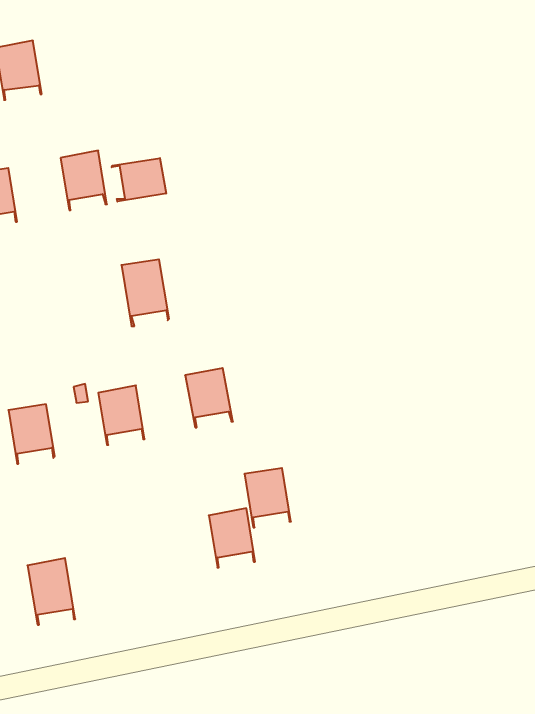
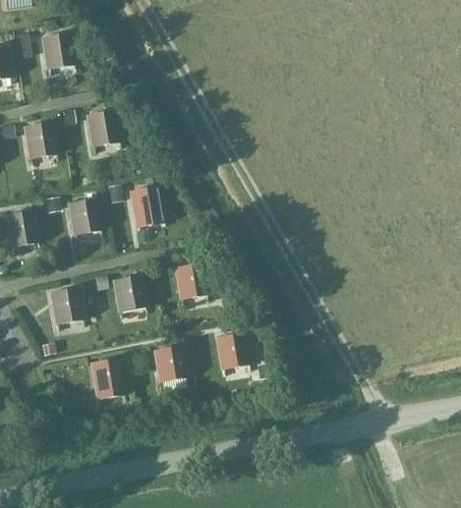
building: [112,158,166,202] -> none
building: none -> [69,199,103,240]
building: [209,508,255,568] -> [156,345,188,387]
building: [27,558,75,625] -> [93,357,126,404]

